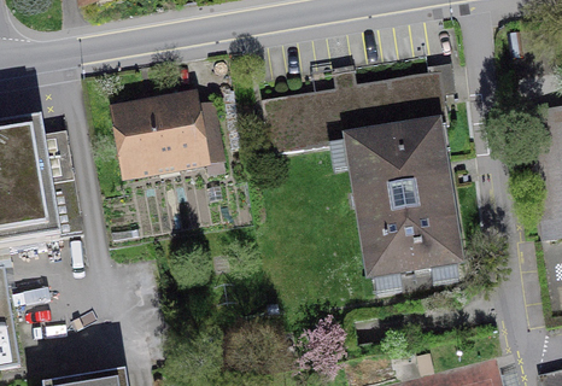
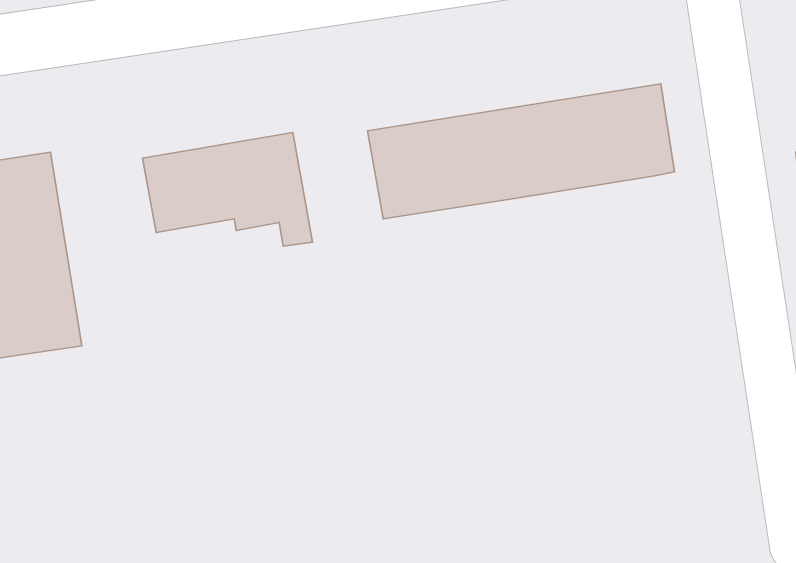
building: [347,128,458,274] -> none

